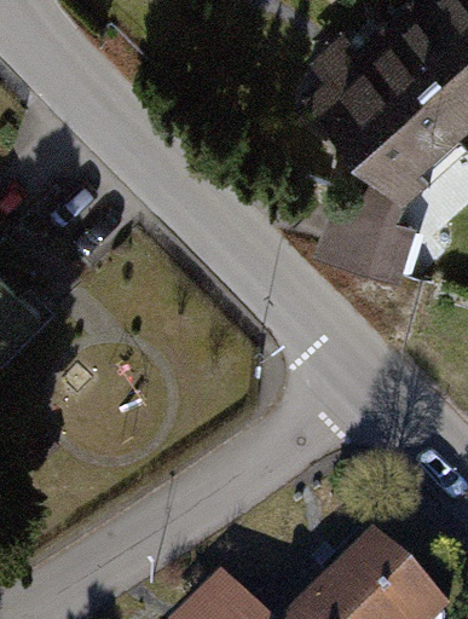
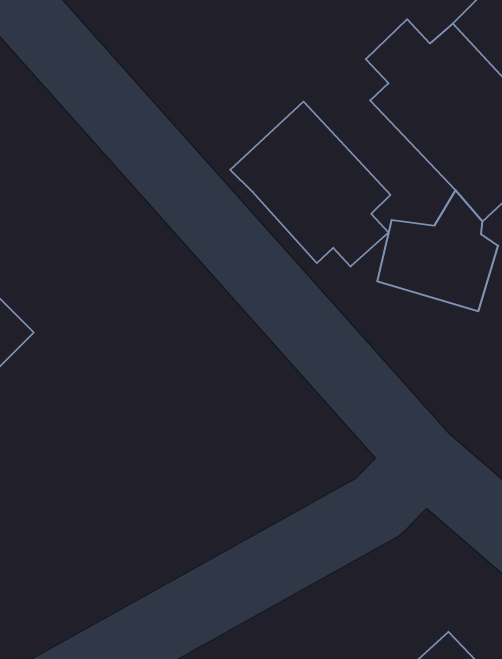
building: none -> [230,102,390,267]

